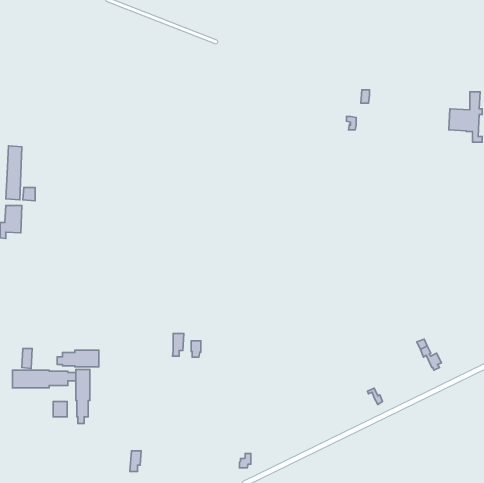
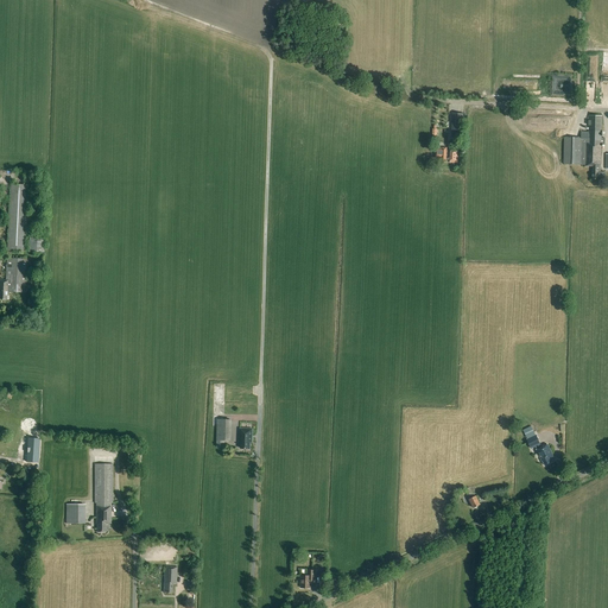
building: [57,350,99,367] -> none
building: [13,370,76,388] -> none

